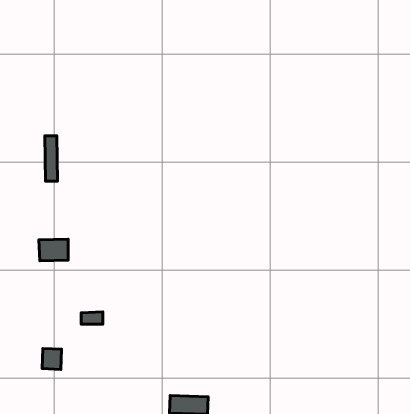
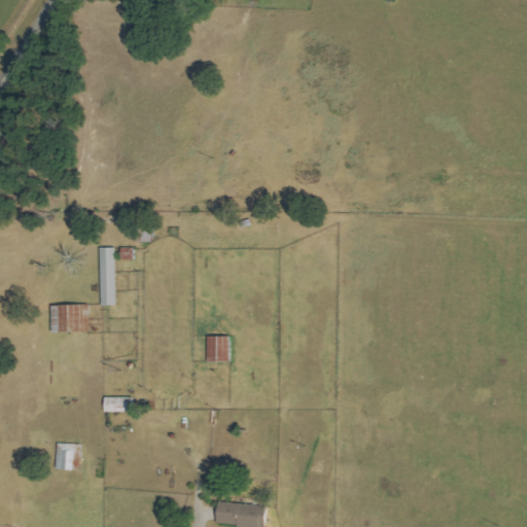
building: [45,136,58,181] -> [98,247,114,305]
building: none -> [206,336,229,361]

